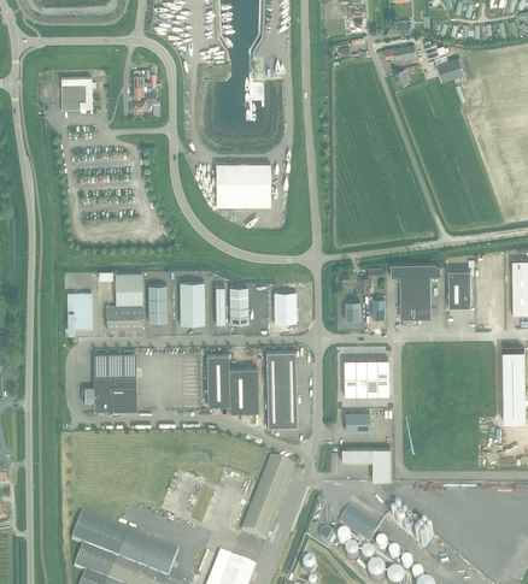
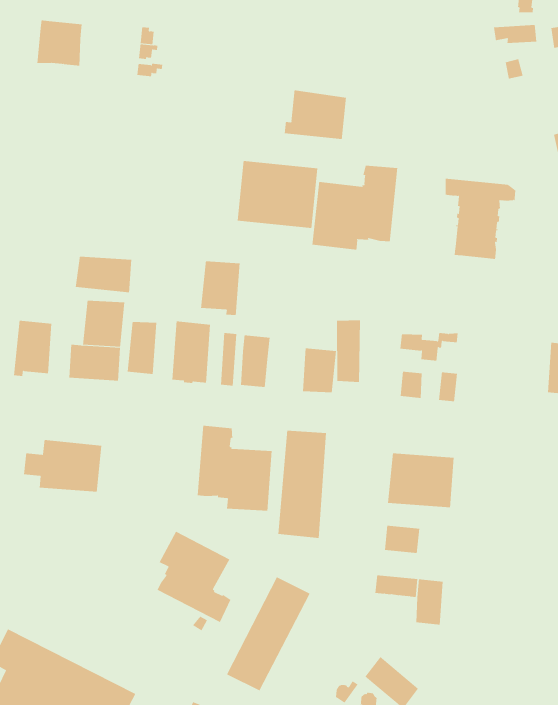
building: none -> [284,90,346,140]
building: none -> [312,165,398,250]
building: none -> [200,260,240,316]
building: none -> [75,256,132,293]
building: [388,265,440,319] -> [445,178,516,259]
building: none -> [337,320,361,383]
building: [92,354,135,377] -> none
building: none -> [157,531,231,623]

